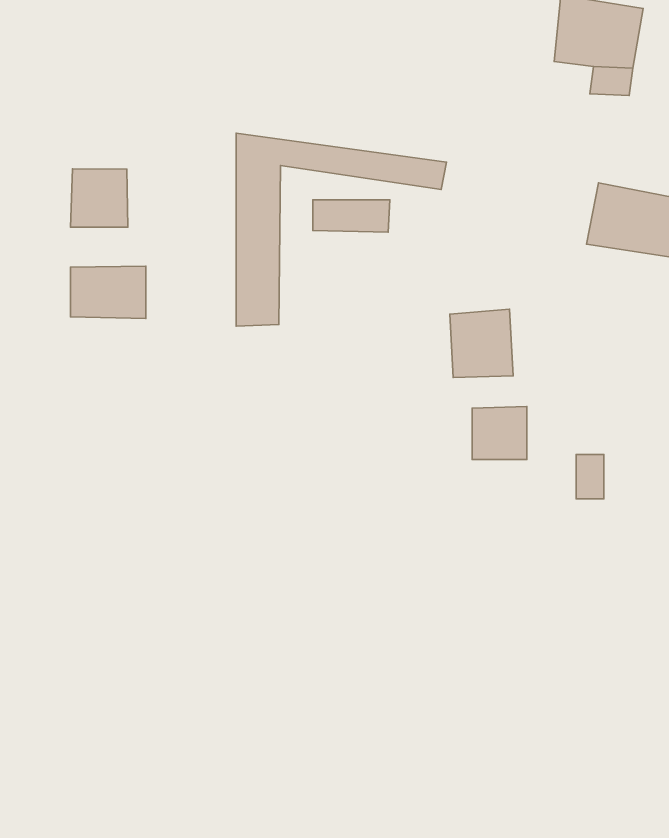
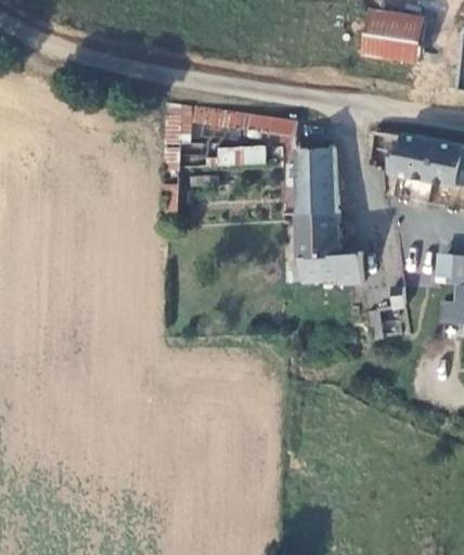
building: [71,169,128,227] -> none
building: none -> [295,147,337,217]
building: [70,266,146,318] -> none

